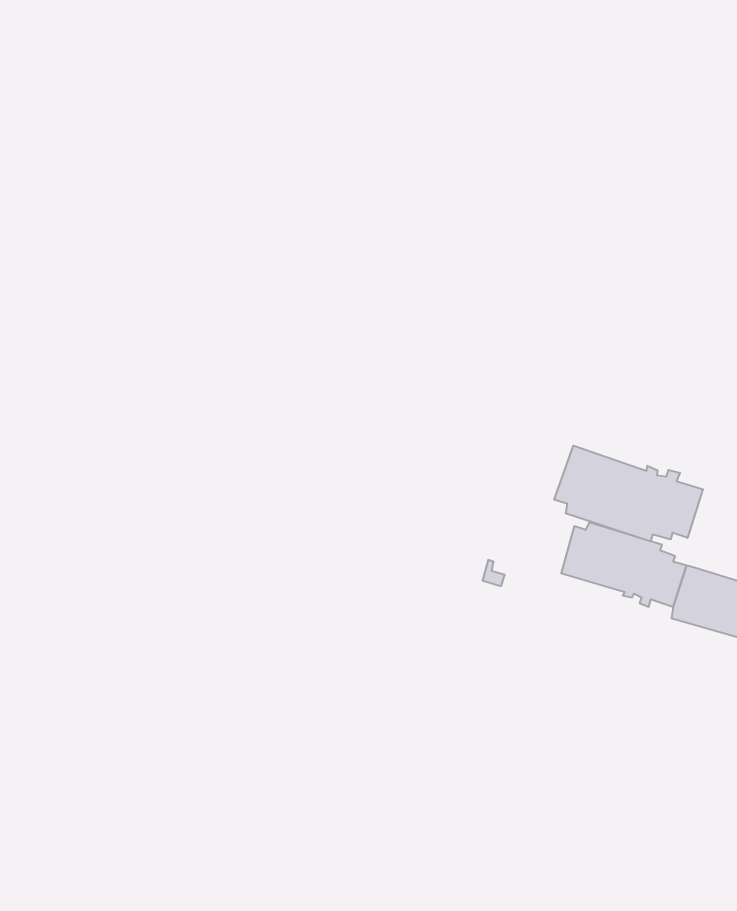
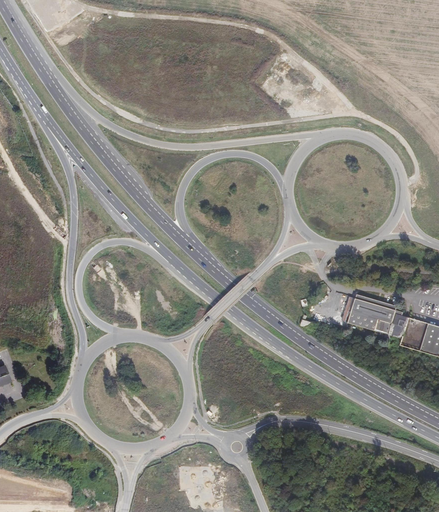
building: [554,446,703,541] -> none

